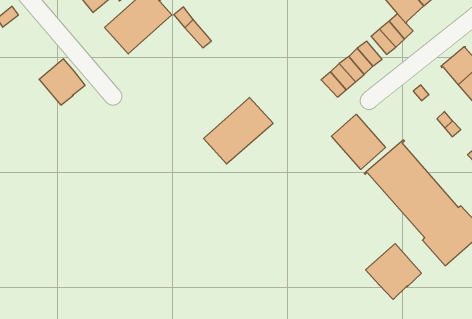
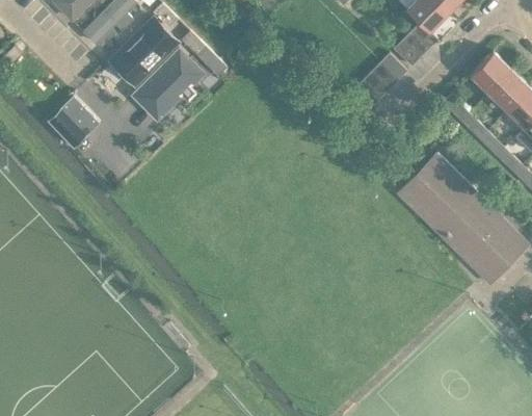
building: [204,97,273,164] -> [137,50,209,122]
building: [331,114,385,169] -> none
building: [366,244,421,299] -> none

